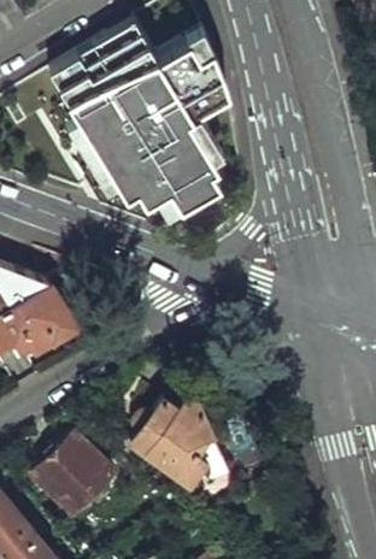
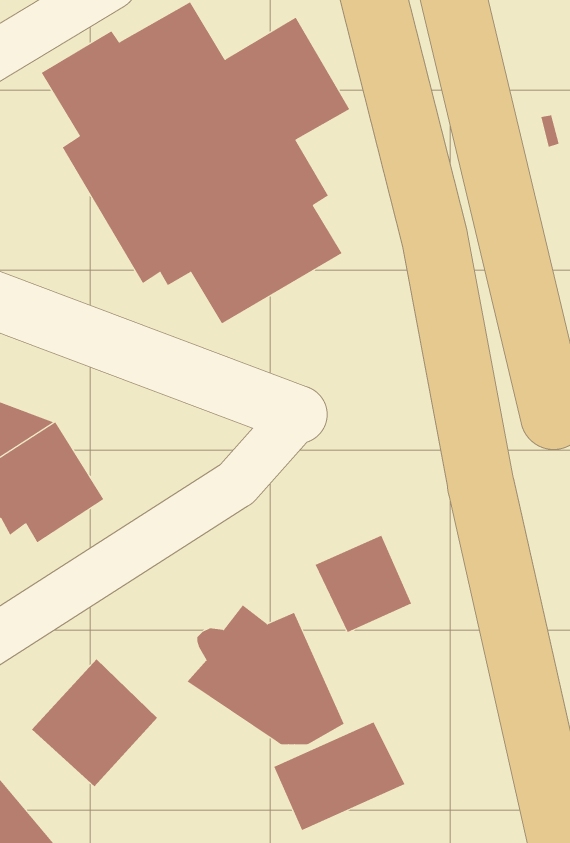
building: none -> [315,535,412,633]
building: none -> [274,721,405,831]

